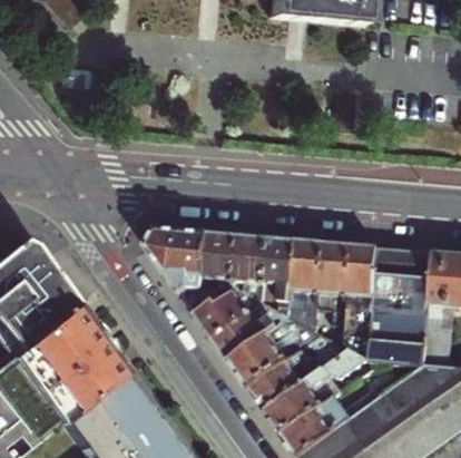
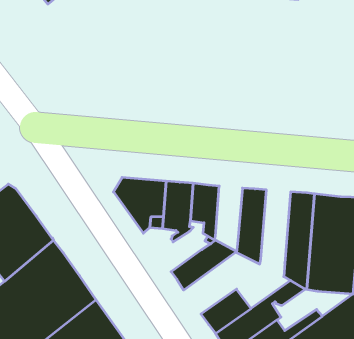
building: [266,237,297,304] -> none
building: [318,242,353,327] -> none
building: [196,290,251,337] -> none
building: [229,313,325,386] -> none

